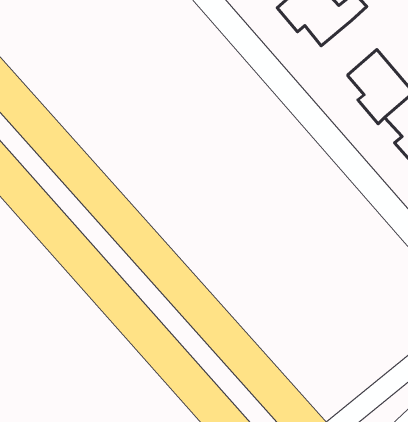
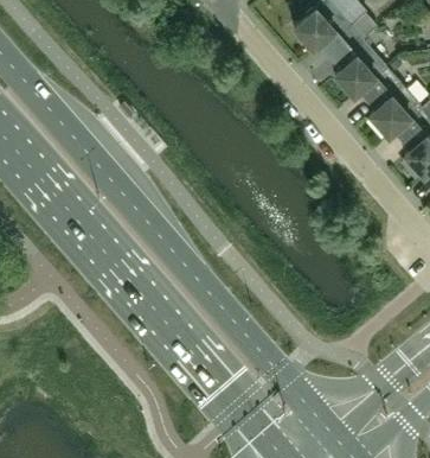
building: none -> [333,40,386,97]

